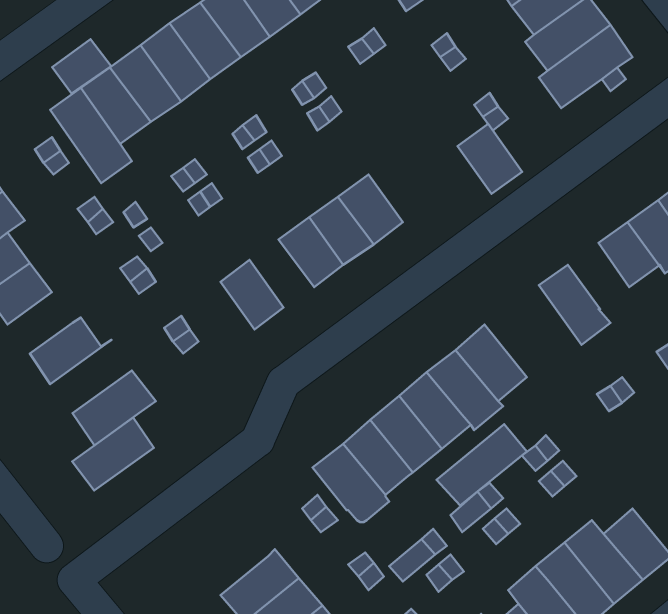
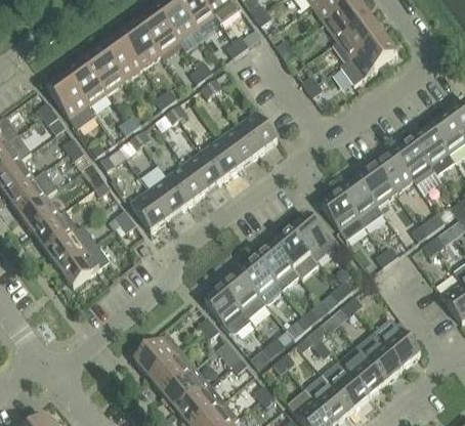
building: [52,39,111,93] -> none
building: [458,124,522,194] -> [238,111,277,153]
building: none -> [166,163,205,204]
building: none -> [357,165,394,205]
building: none -> [129,188,169,230]
building: none -> [321,190,366,240]
building: none -> [20,195,59,231]
building: [72,417,154,491] -> [46,223,95,267]
building: [437,424,527,505] -> none
building: none -> [134,332,181,377]

